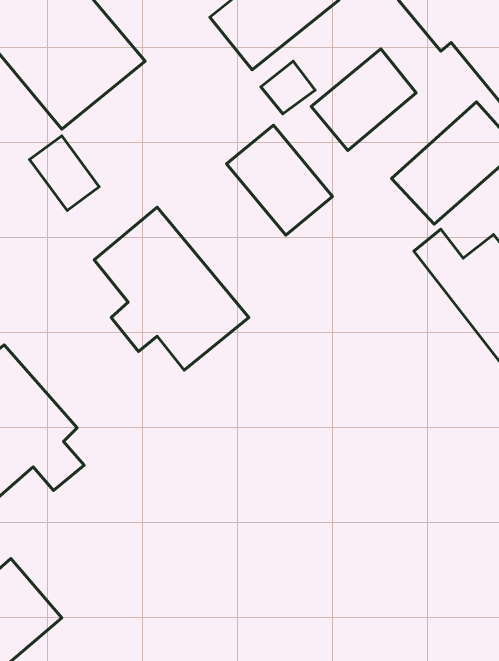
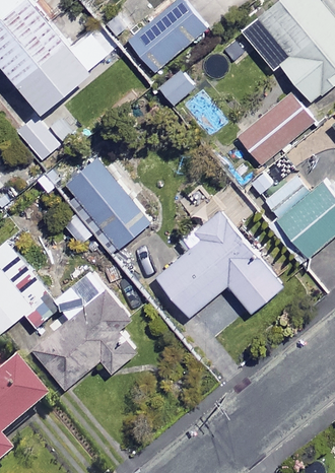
building: [311,49,416,150] -> none
building: [227,125,333,235] -> none
building: none -> [156,212,280,317]
building: none -> [28,267,135,386]

